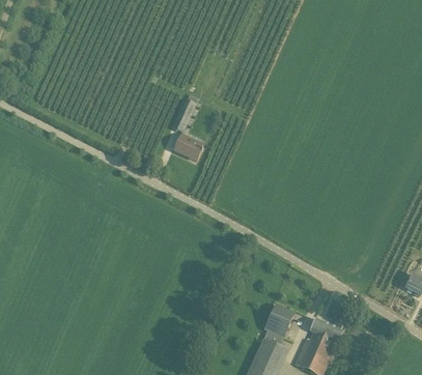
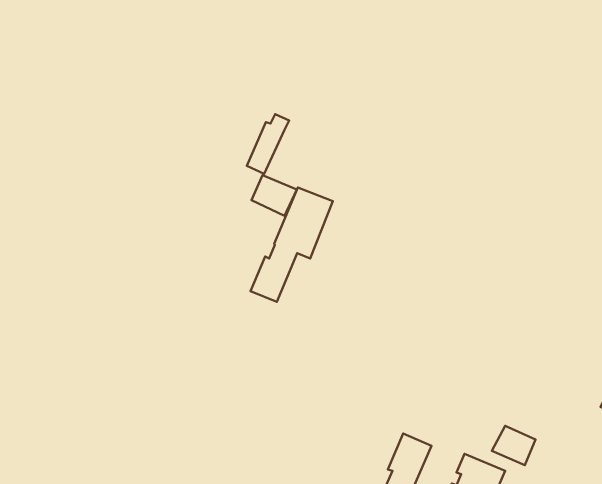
building: none -> [251,188,333,302]
building: none -> [492,426,535,465]

